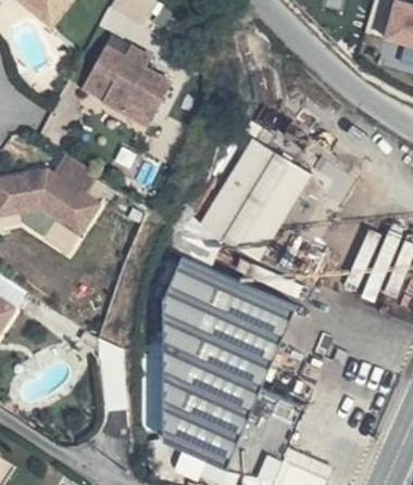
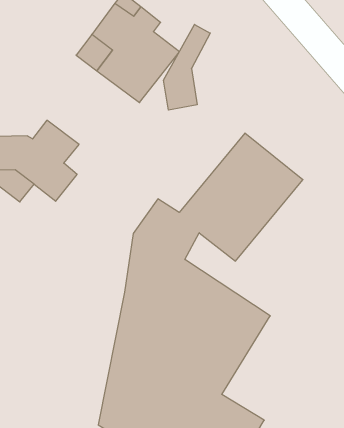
building: none -> [164,24,210,110]

